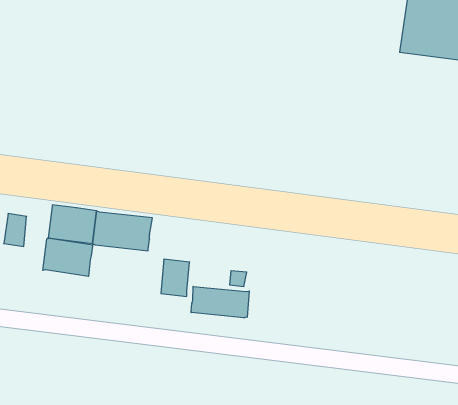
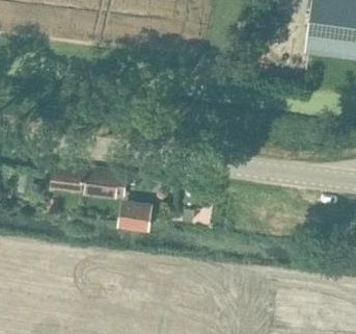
building: [43,238,93,276] -> none
building: [191,286,249,318] -> none

